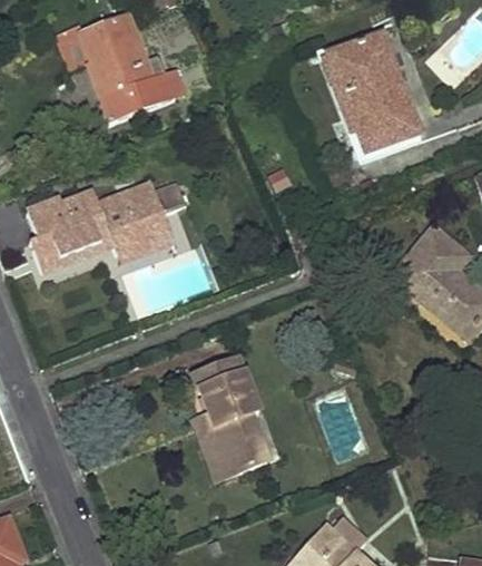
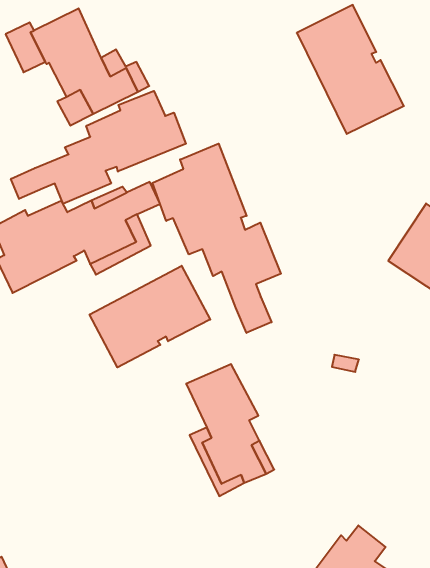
building: none -> [11,91,186,204]
building: none -> [152,144,281,333]
building: none -> [90,266,210,367]

